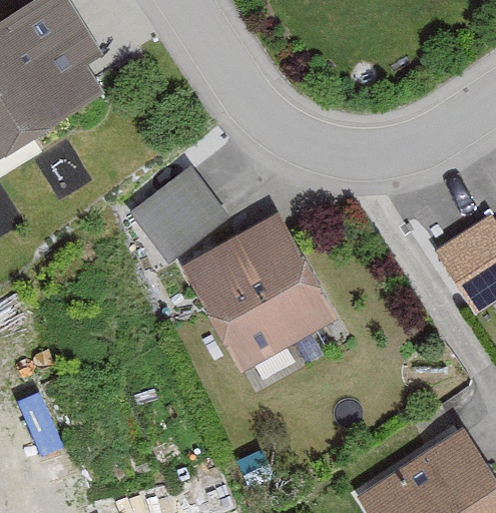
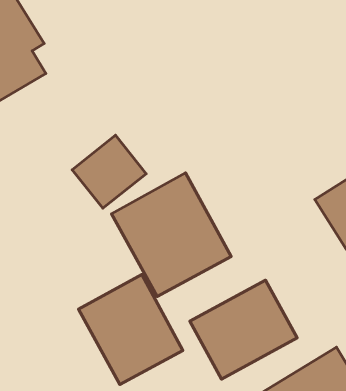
building: none -> [79,275,183,384]
building: none -> [190,280,297,379]

